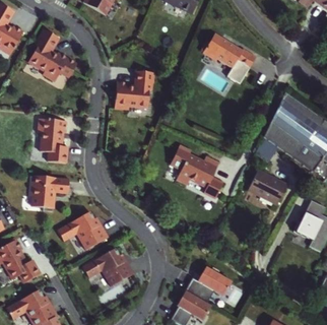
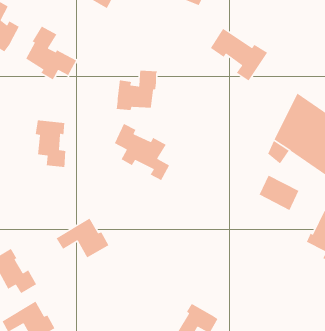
building: [171,144,223,199] -> [114,123,170,181]
building: [30,176,69,212] -> none
building: [82,249,133,287] -> none
building: [185,267,231,304] -> none

